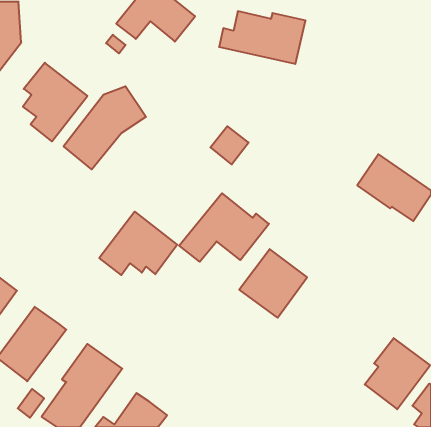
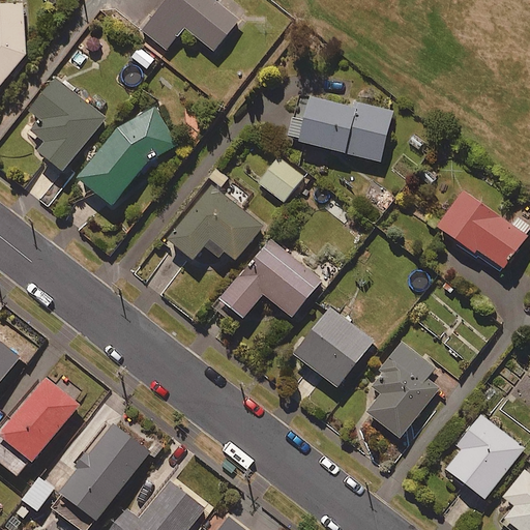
building: [219,11,306,64] -> [288,97,393,161]
building: [99,212,177,275] -> [168,184,263,262]
building: none -> [365,337,440,438]

